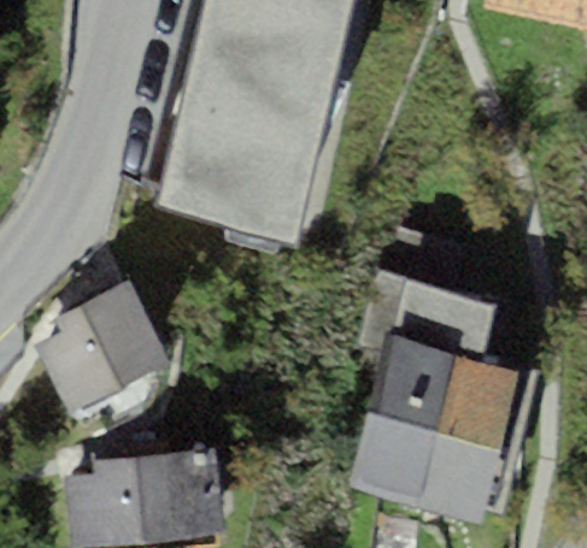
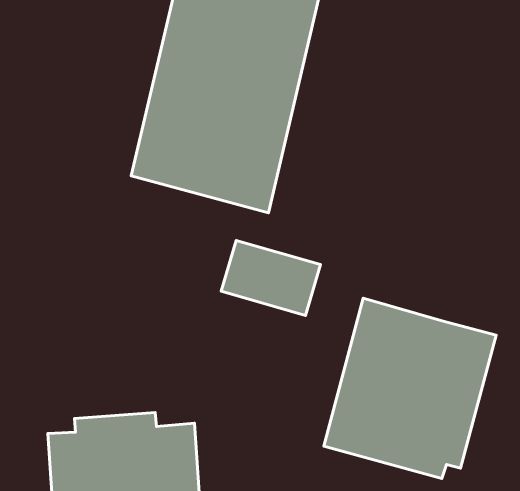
building: [391,281,494,359] -> [221,240,320,315]
building: [35,282,170,413] -> none

